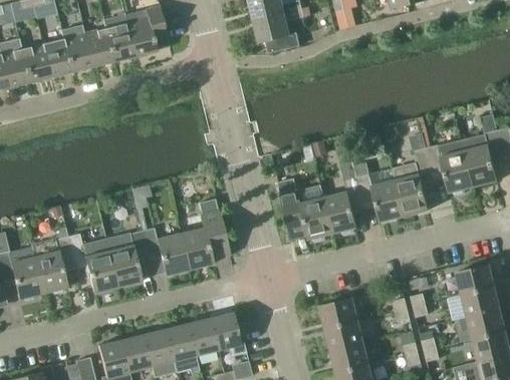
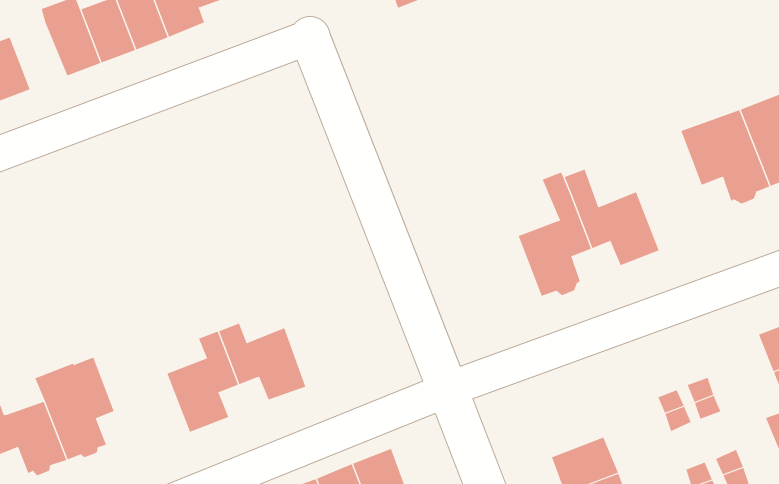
building: [41,37,71,75] -> none
building: [393,147,433,216] -> none
building: [277,178,331,242] -> none
building: [180,200,221,269] -> none
building: [66,233,116,292] -> none
building: [319,297,357,328] -> none

